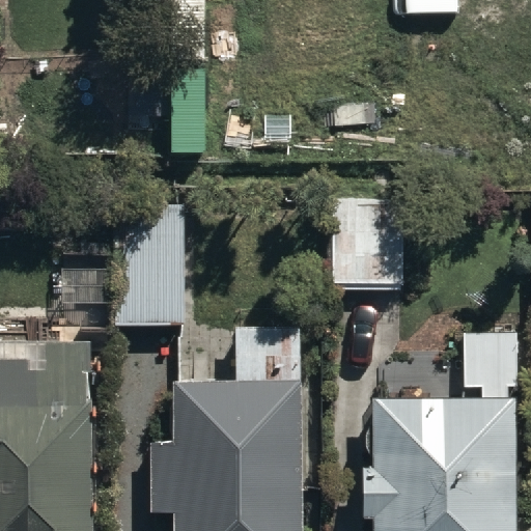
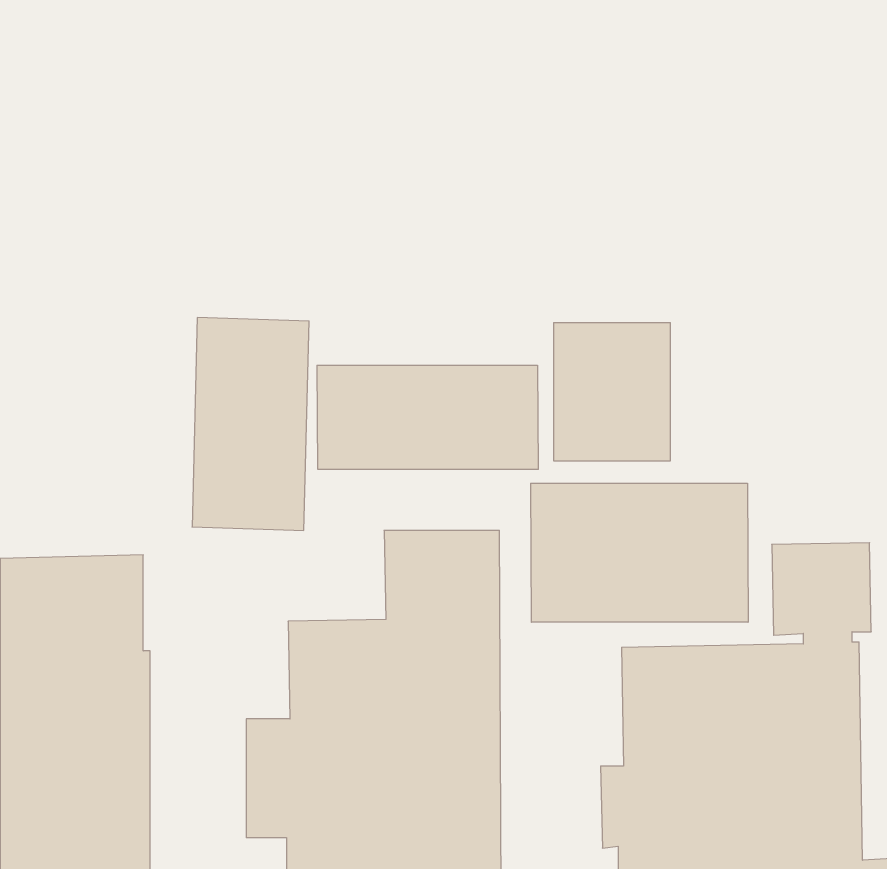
building: none -> [317,365,538,469]
building: none -> [531,483,748,622]

